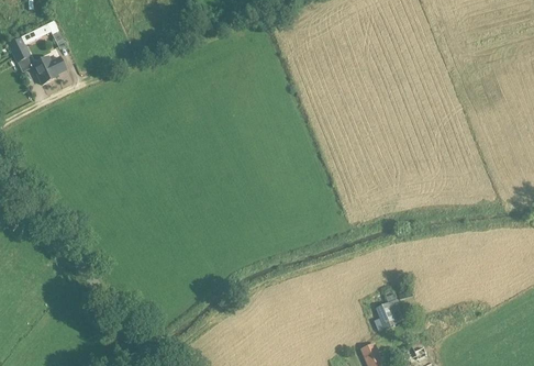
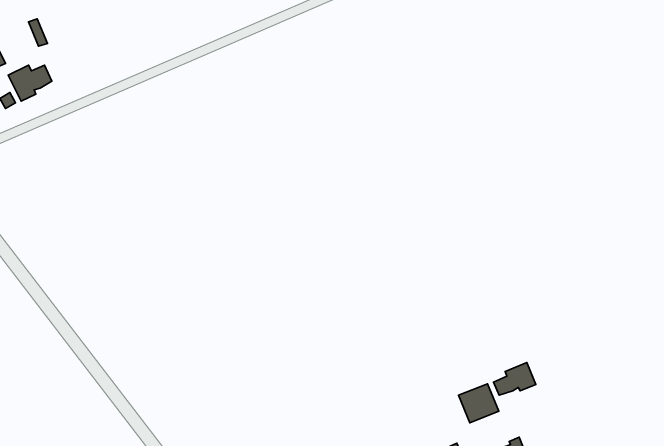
building: none -> [493,363,536,395]

